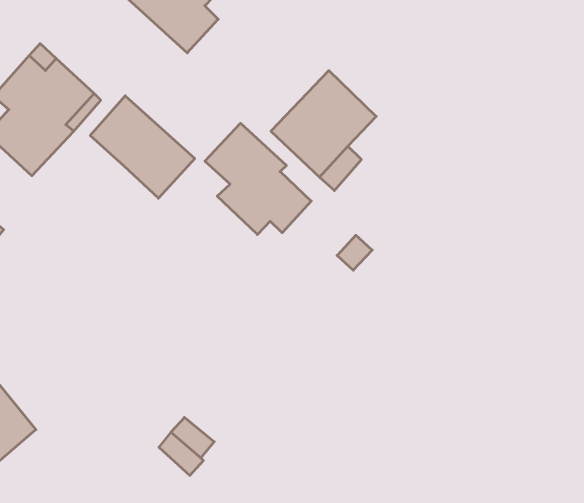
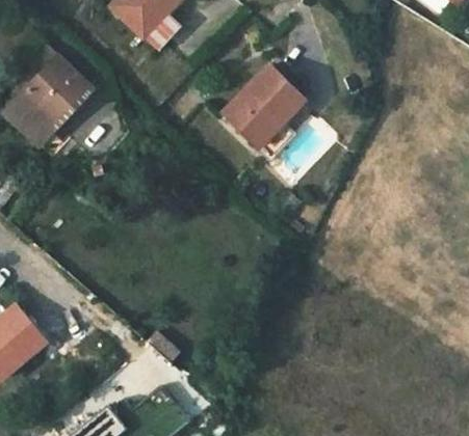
building: [90,96,195,198] -> none
building: [205,123,311,235] -> none

